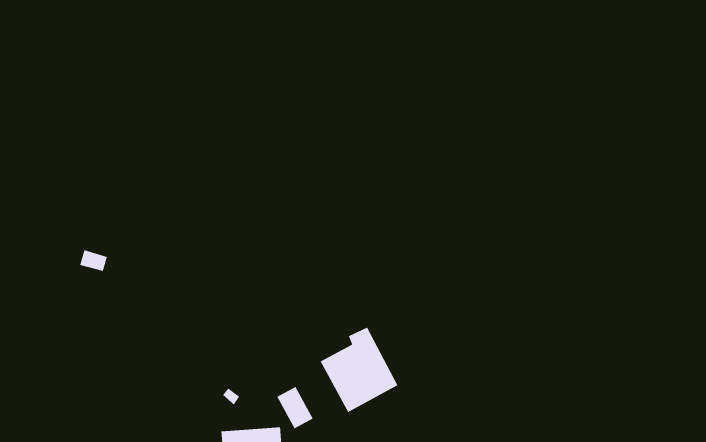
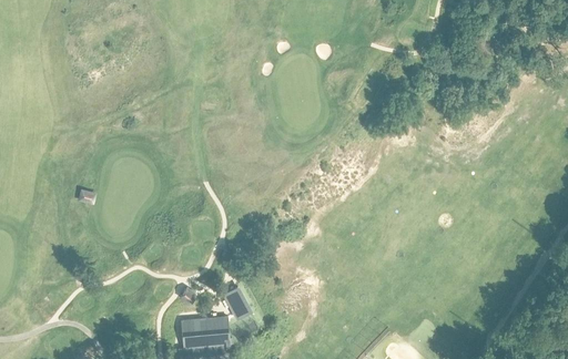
building: [319,327,399,413] -> none

